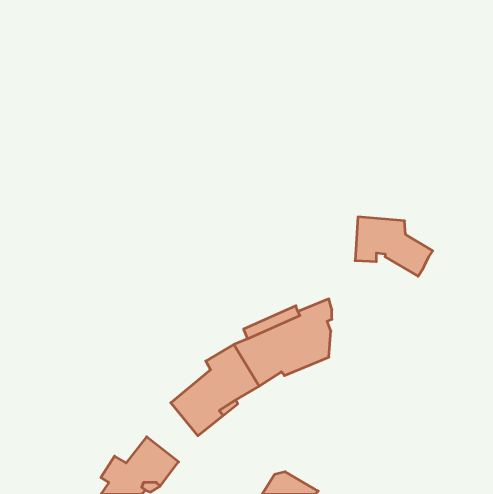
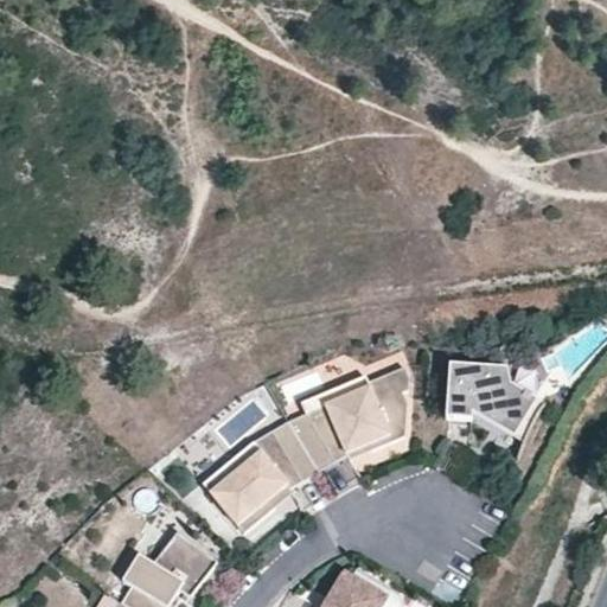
building: [355,217,433,276] -> [443,364,538,436]

